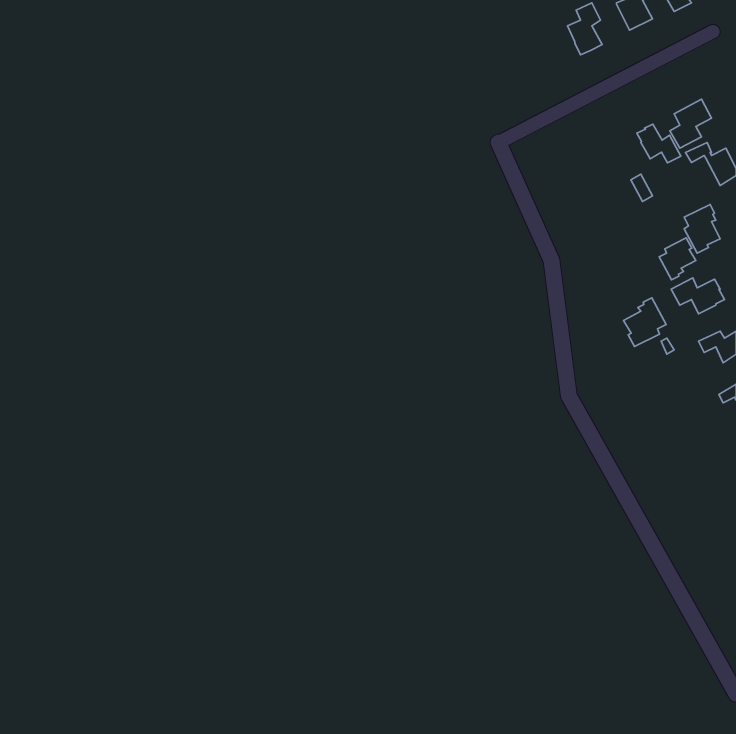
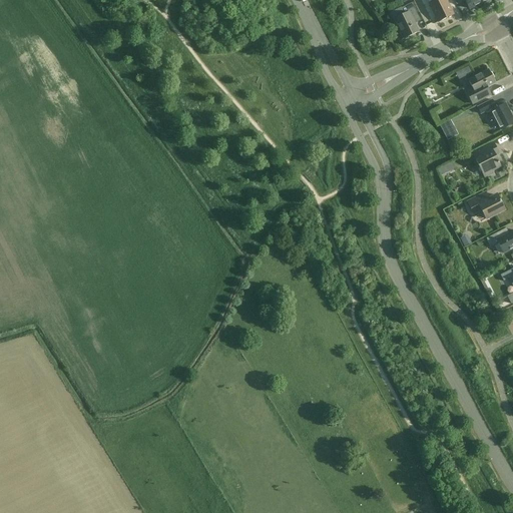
building: [637,124,681,163] -> none
building: [659,238,696,280] -> none
building: [624,298,666,347] -> none

